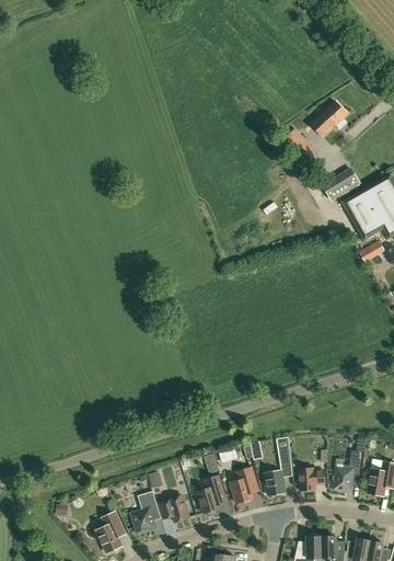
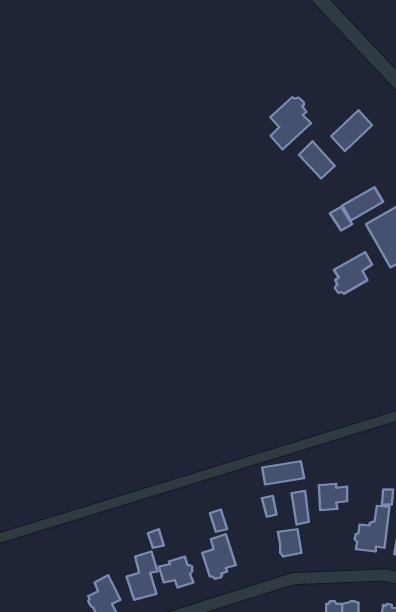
building: none -> [270,97,311,149]
building: none -> [334,252,372,294]
building: none -> [262,461,304,485]
building: [230,468,258,503] -> none
building: [299,468,324,491] -> [319,484,347,510]

